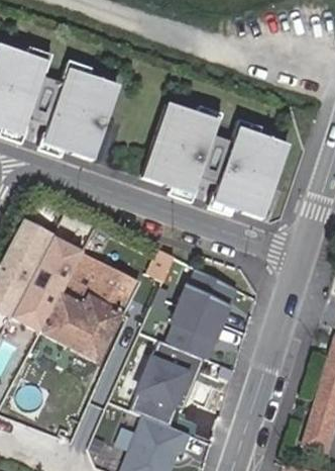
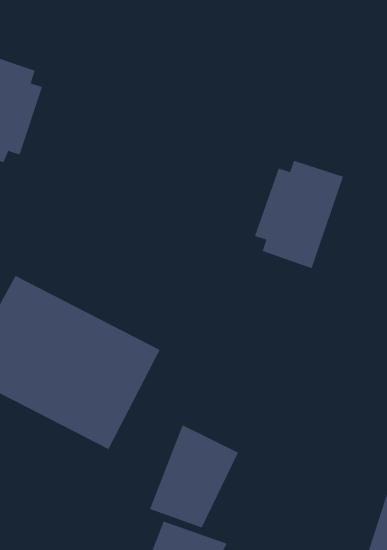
building: [43,71,116,158] -> none
building: [141,101,213,189] -> none
building: [164,266,240,361] -> none

